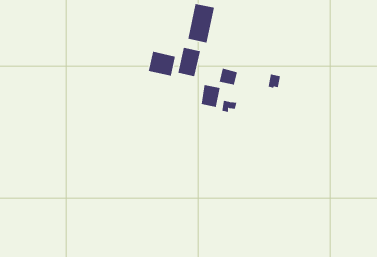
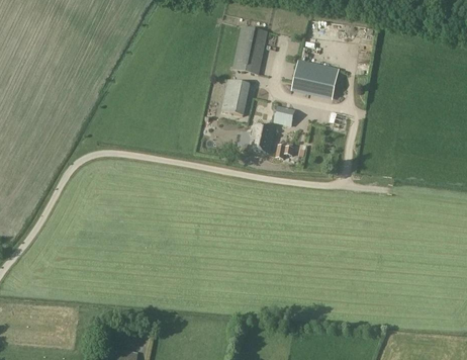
building: none -> [293,60,339,96]
building: [148,51,176,77] -> none

